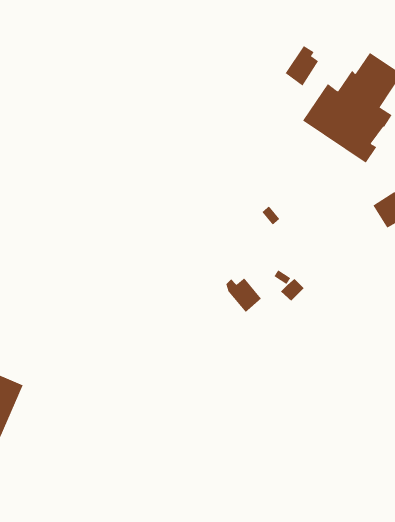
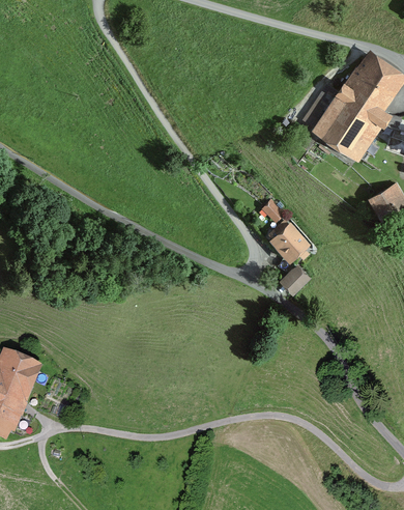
building: [285,45,319,86] -> none
building: [226,277,262,313] -> [270,225,305,258]

